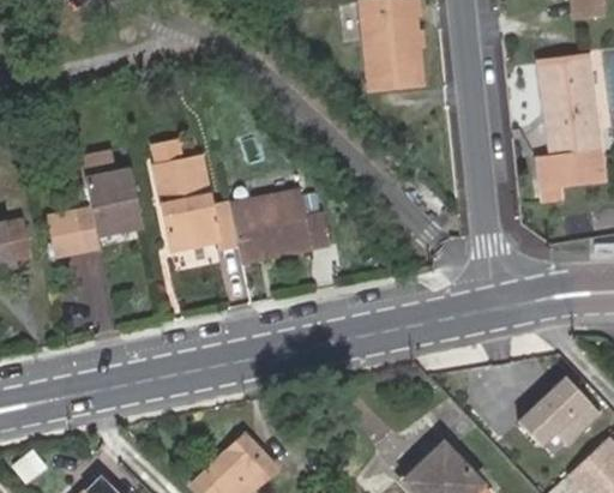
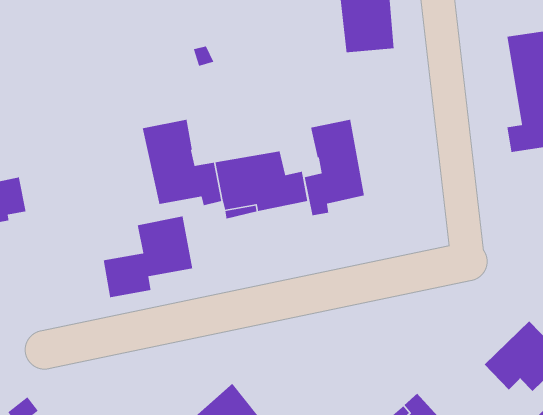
building: none -> [304,119,365,216]
building: [47,168,143,255] -> [103,216,193,298]

